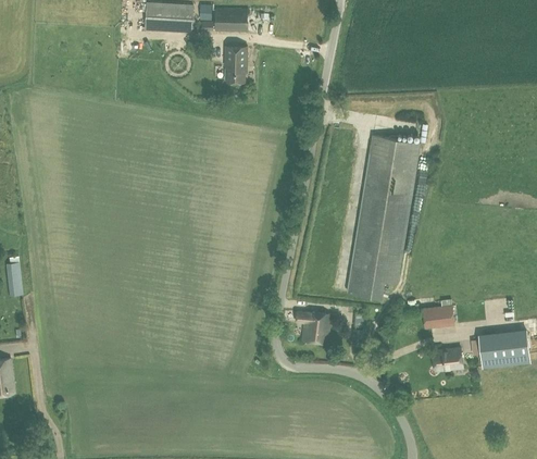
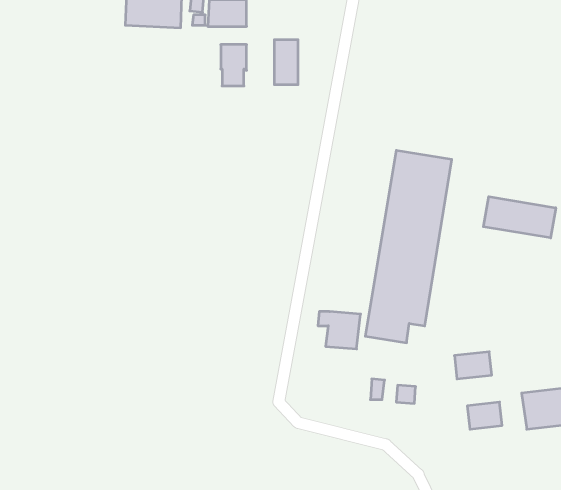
building: none -> [274,40,298,85]
building: none -> [483,197,556,238]
building: [295,311,330,343] -> [318,312,361,349]

